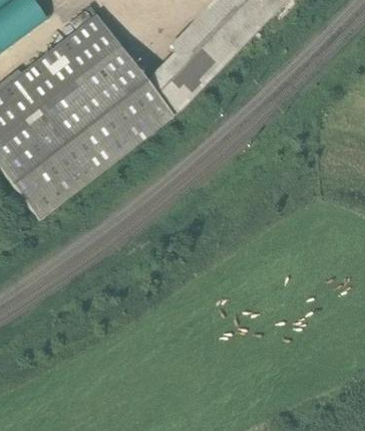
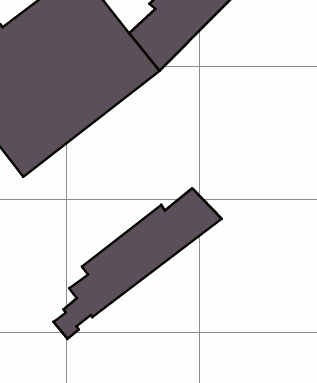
building: none -> [53,188,222,339]

